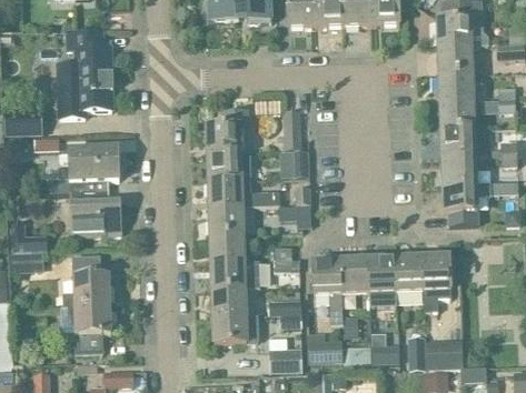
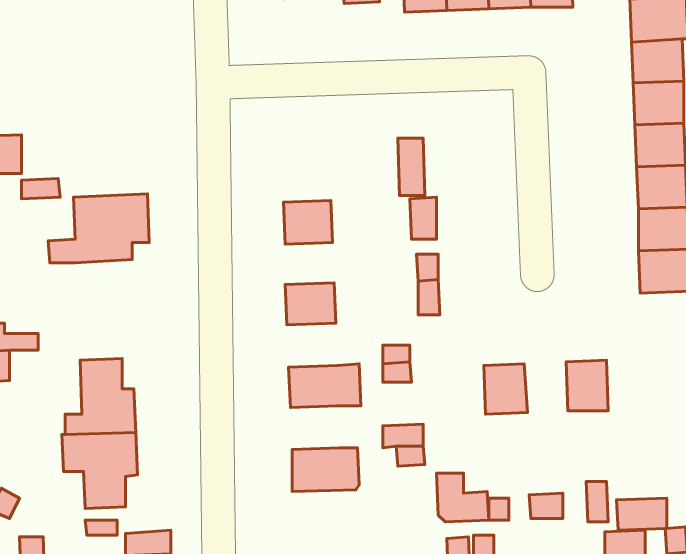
building: [60,31,111,118] -> none
building: [207,111,244,153] -> none
building: [209,180,279,208] -> none
building: [70,191,121,236] -> none
building: [210,233,244,262] -> none
building: [421,256,451,312] -> none
building: [367,259,396,292] -> none
building: [312,261,343,325] -> none
building: [212,288,245,316] -> none
building: [270,347,302,372] -> none

